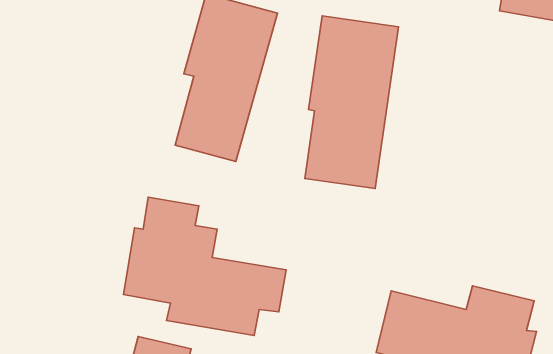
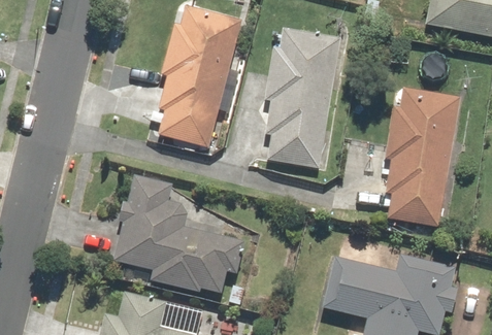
building: none -> [386,88,458,225]

